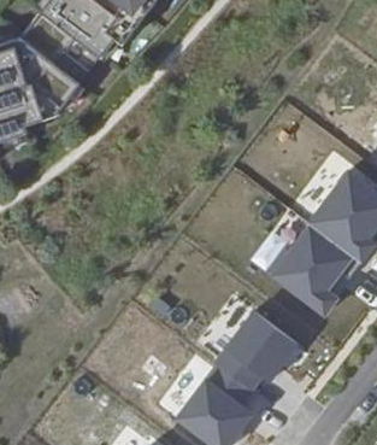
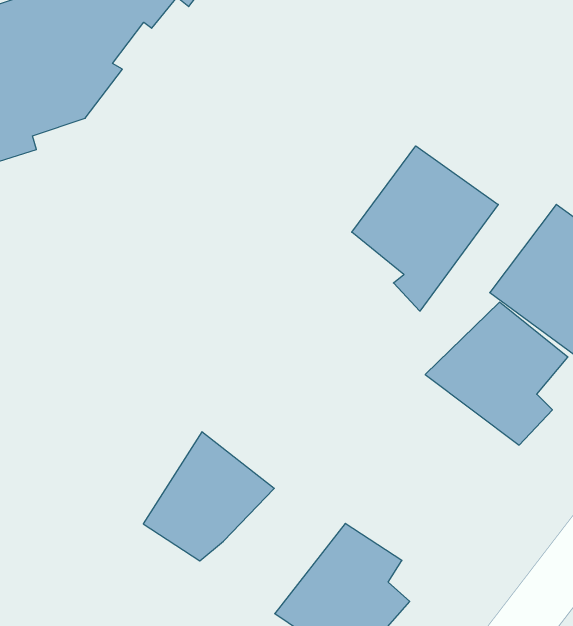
building: none -> [352,146,498,311]
building: [217,308,298,387] -> [143,432,274,561]

